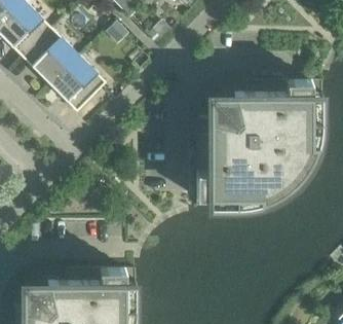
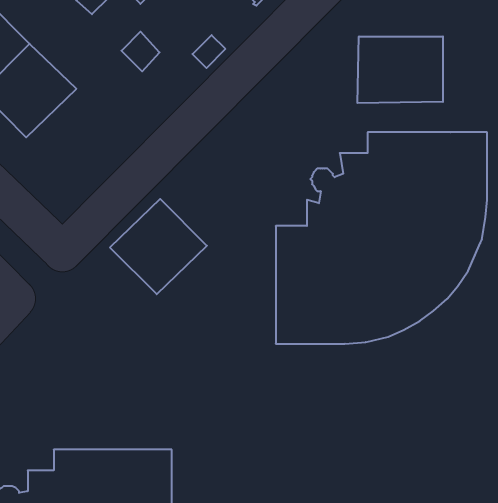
building: none -> [357,36,443,103]
building: [48,55,106,111] -> [110,199,207,294]

